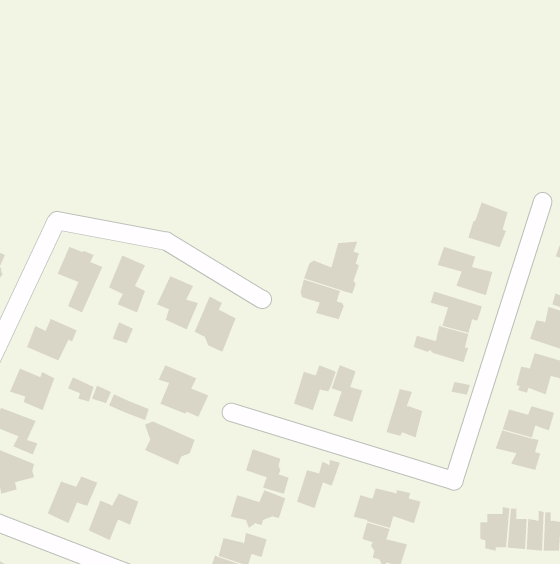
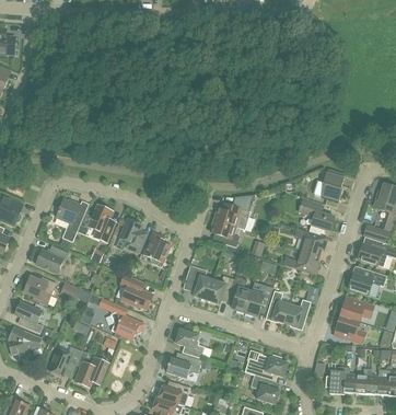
building: none -> [185,264,212,299]
building: none -> [284,298,311,328]
building: [296,459,341,509] -> [244,284,272,315]

